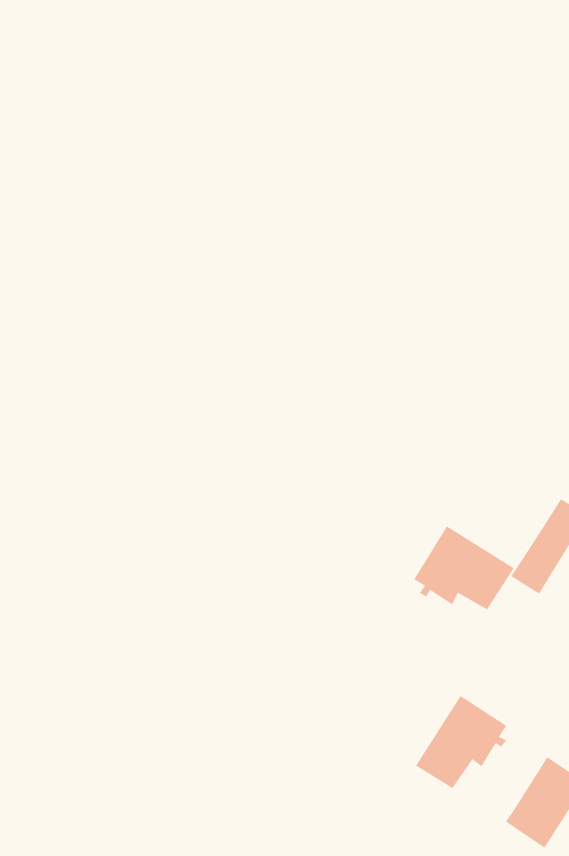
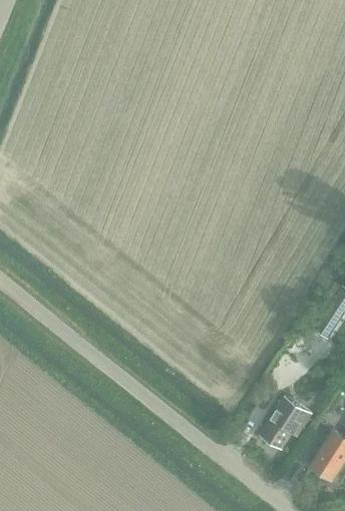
building: [414,526,514,610] -> none

